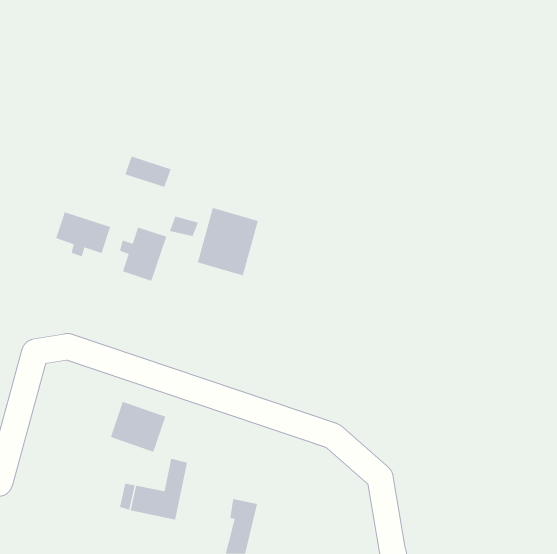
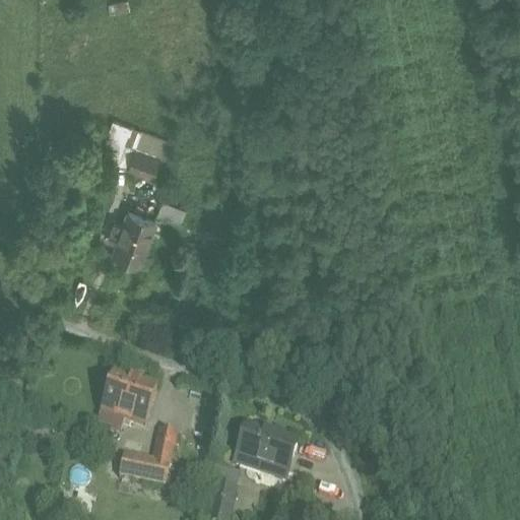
building: [197,207,258,276] -> none
building: [55,211,111,257] -> none
building: none -> [238,427,296,472]

